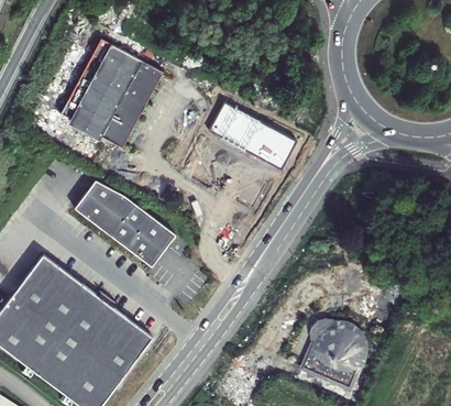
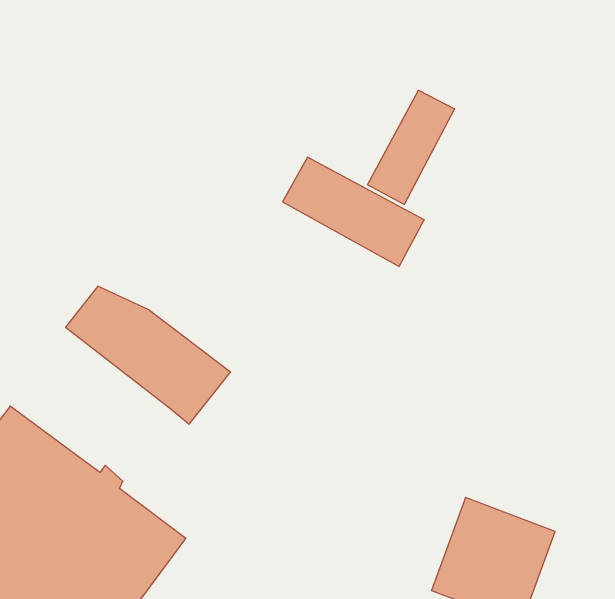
building: [62,39,163,145] -> none
building: none -> [368,90,455,204]

